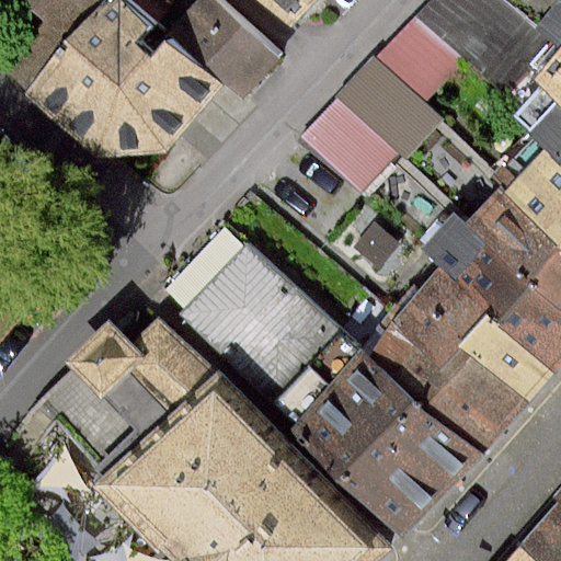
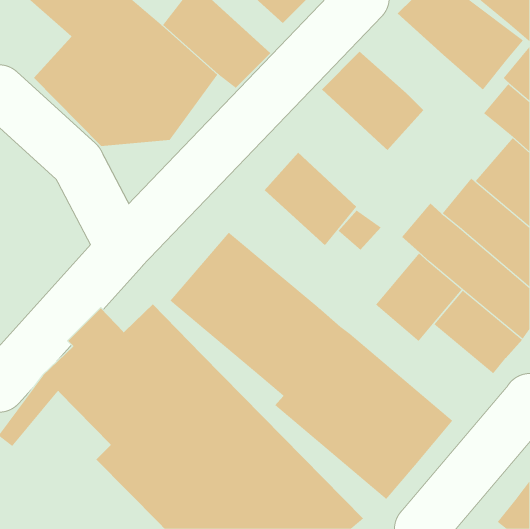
building: [379,14,467,99] -> none
building: [302,94,401,194] -> [264,152,357,246]
building: [369,321,520,444] -> none

